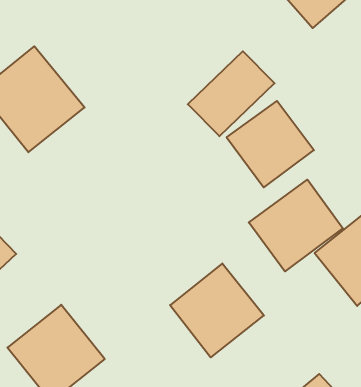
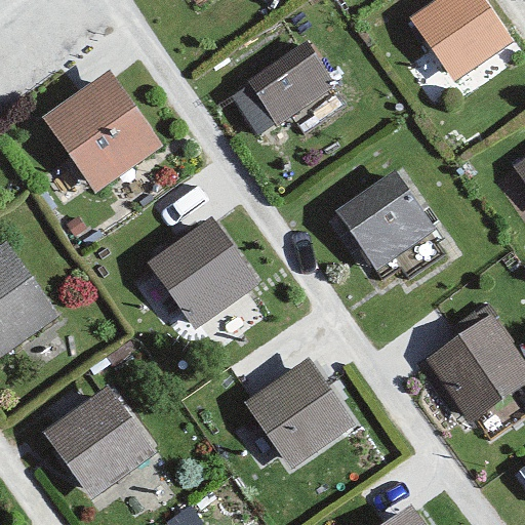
building: [188,51,275,136] -> [229,40,336,139]
building: none -> [148,215,262,329]
building: [249,180,343,271] -> none

